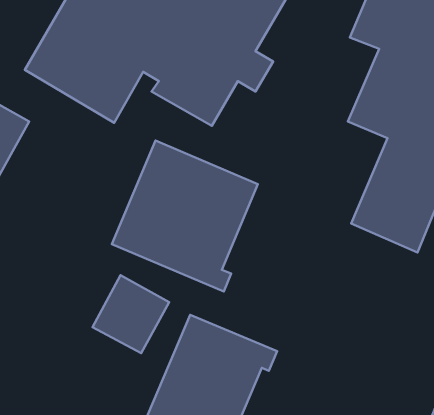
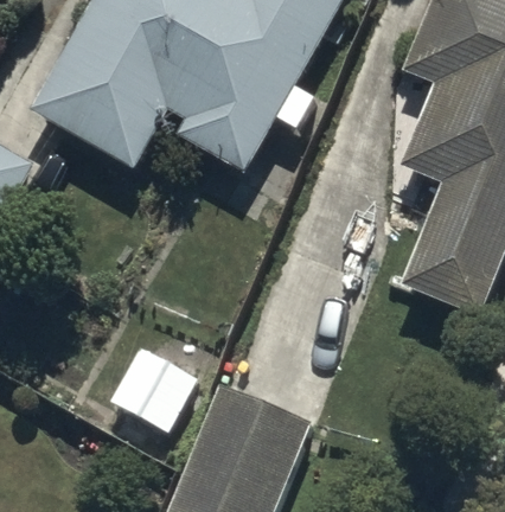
building: [112,140,258,292] -> none

